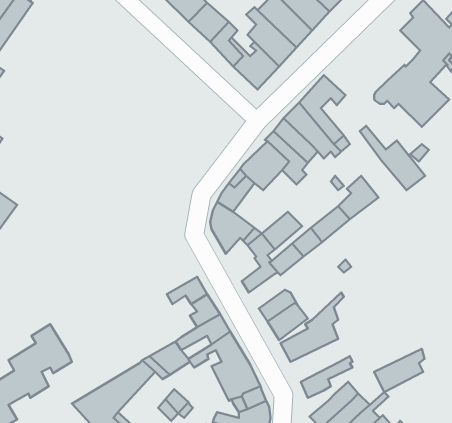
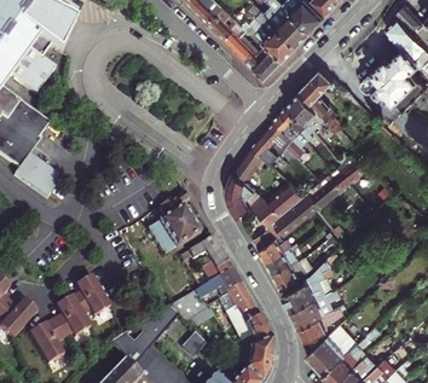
building: [360,126,425,190] -> none
building: none -> [146,193,197,257]
building: none -> [255,234,296,263]
building: [374,349,425,392] -> [290,289,332,325]

